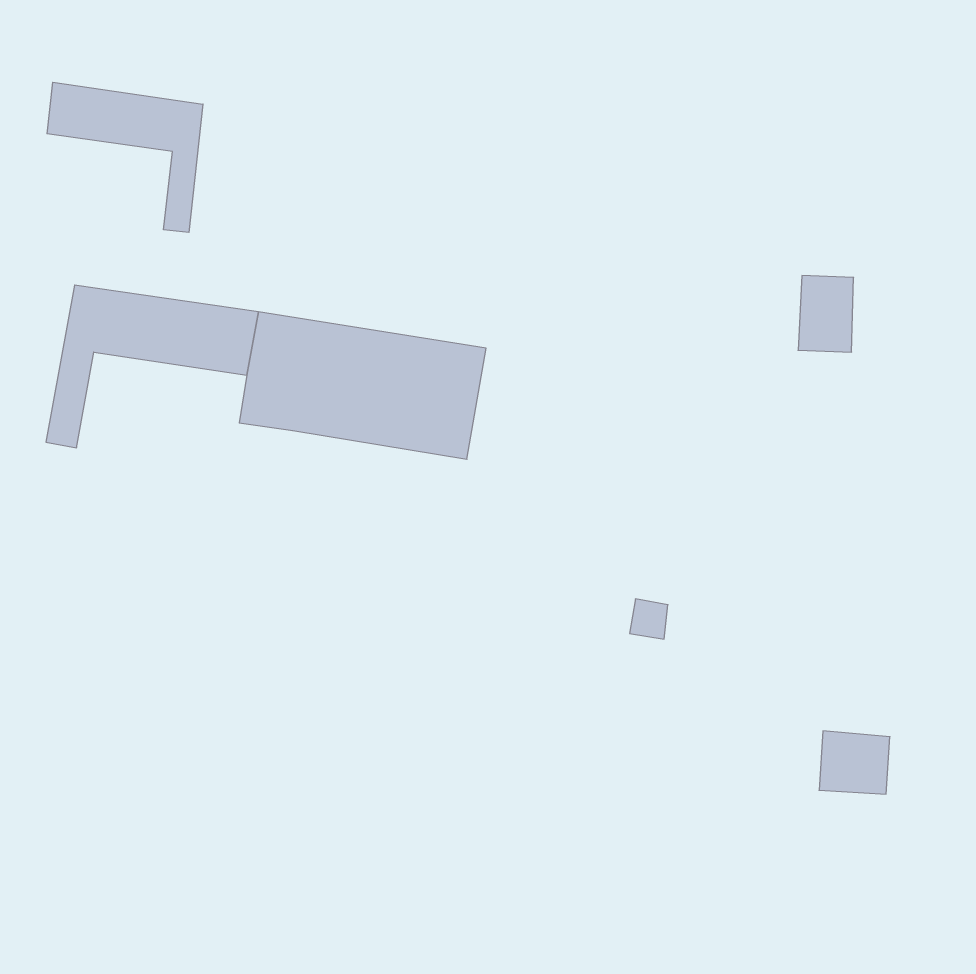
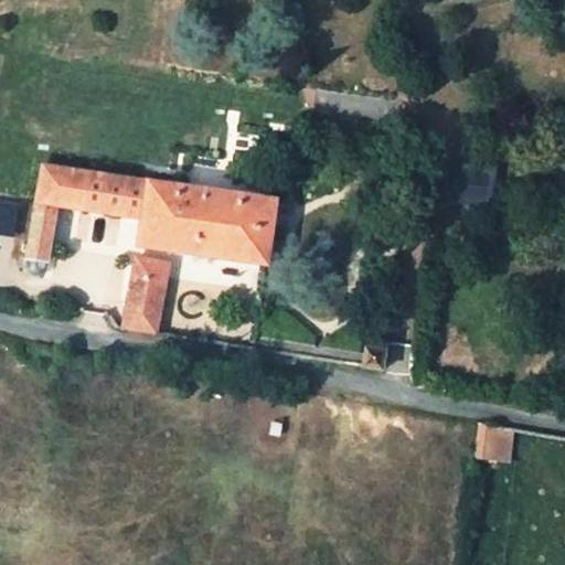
building: [47,82,203,232] -> none
building: none -> [124,255,168,331]

